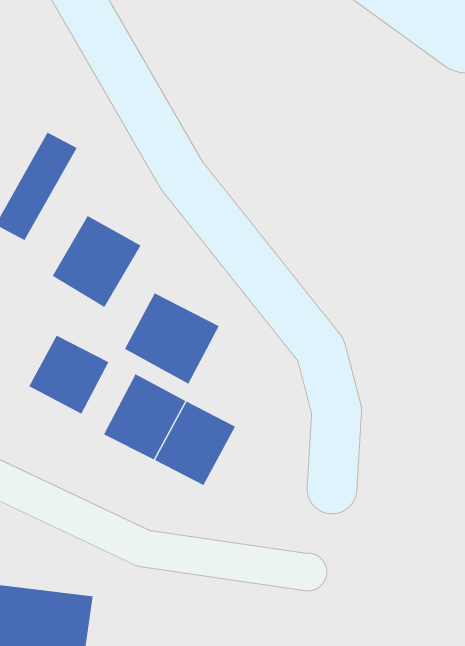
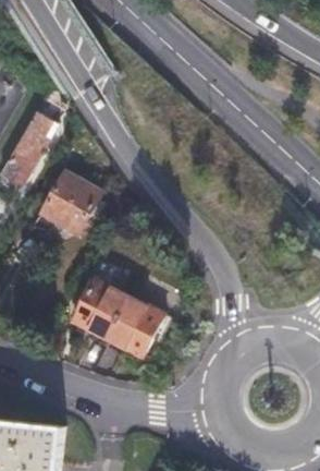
building: [124,293,219,385] -> none
building: [28,335,109,414] -> none

